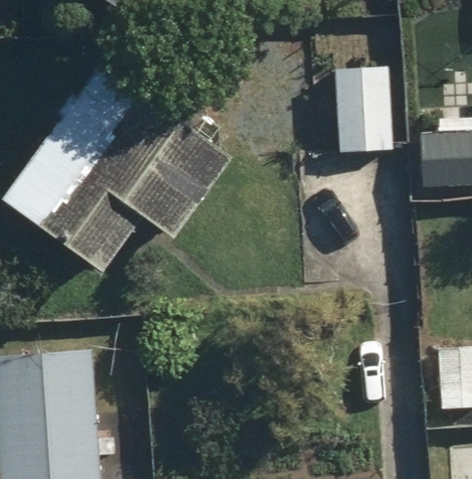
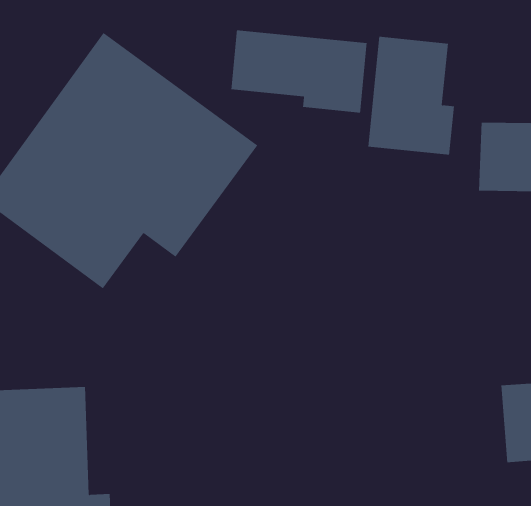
building: none -> [231,29,367,113]

